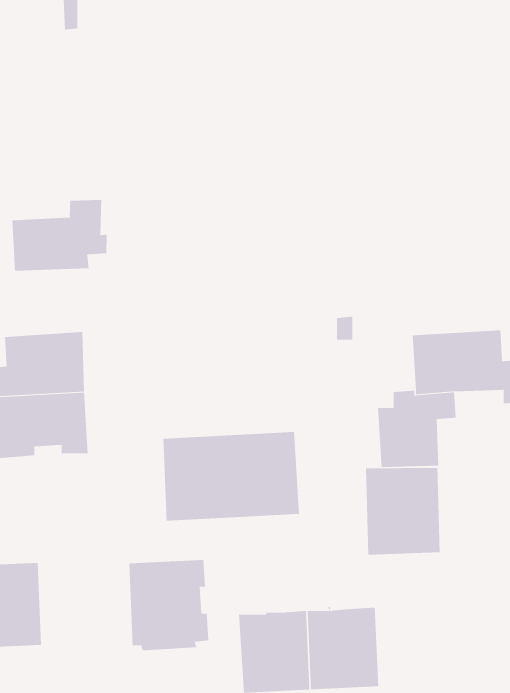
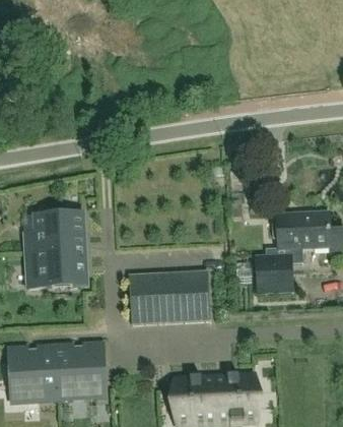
building: [12,199,107,272] -> none
building: [365,467,440,555] -> none
building: [128,560,209,651] -> [55,346,102,400]

